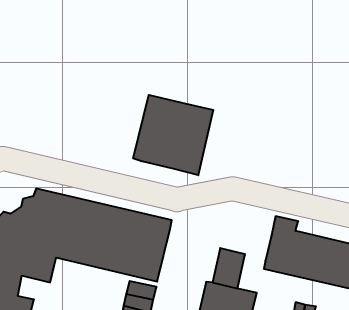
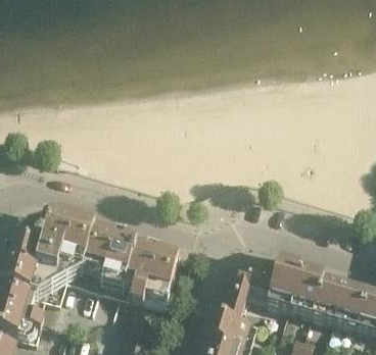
building: [133,95,213,175] -> none
building: none -> [235,264,275,297]

